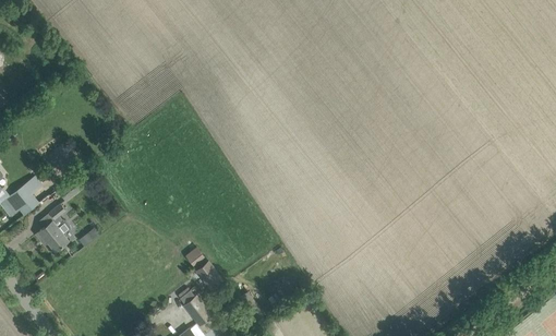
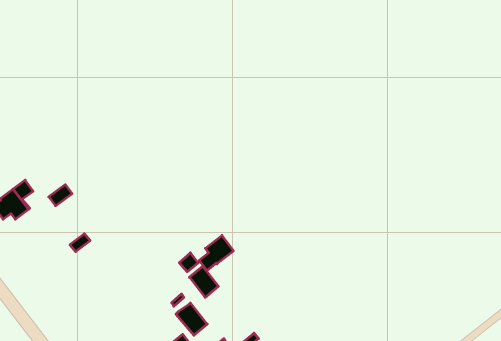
building: [36,205,71,252] -> none
building: none -> [199,235,233,270]

